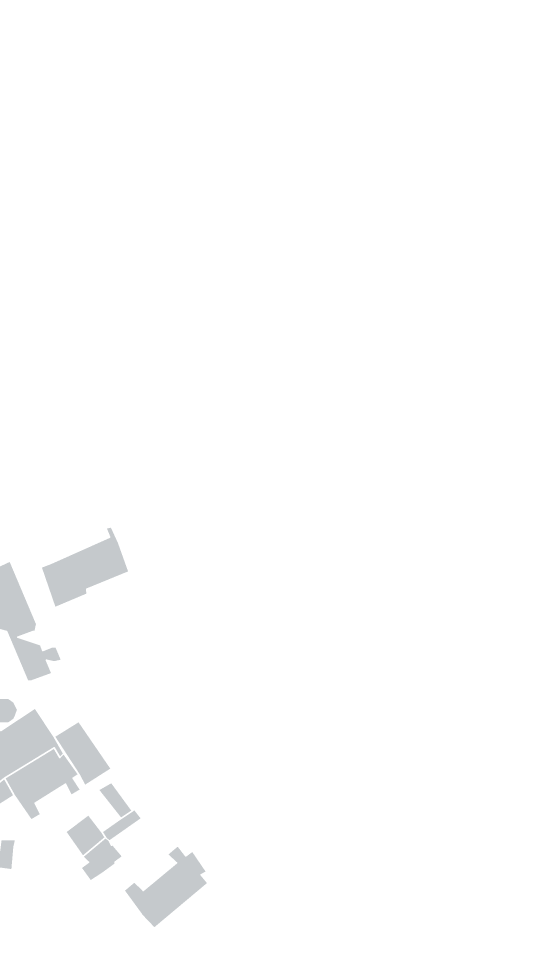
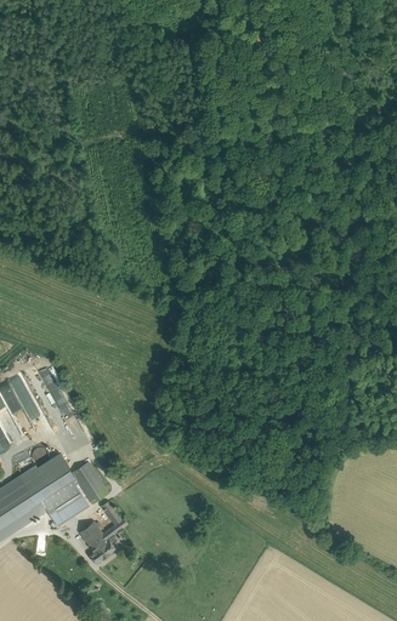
building: [41,527,129,608] -> none
building: [124,845,208,928] -> none

